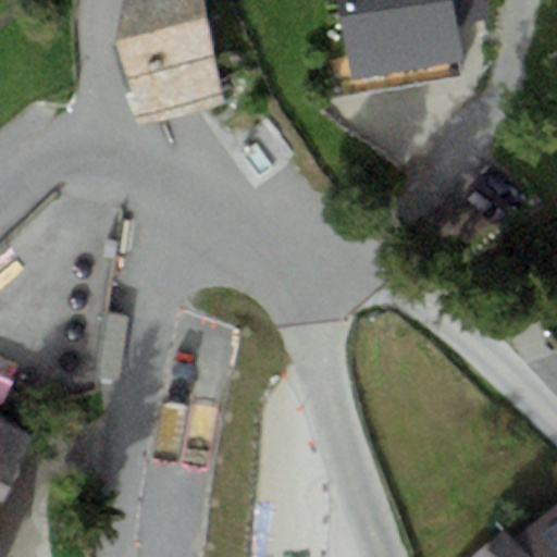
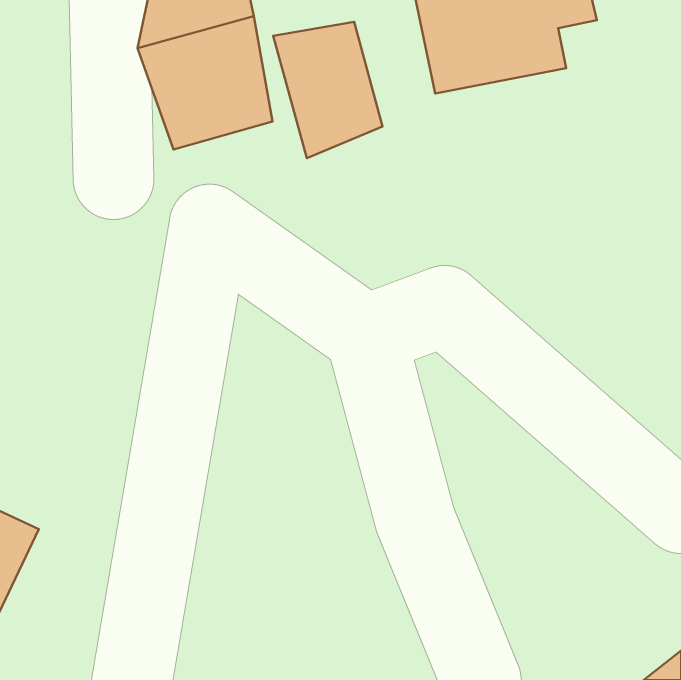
building: none -> [273,22,383,158]

